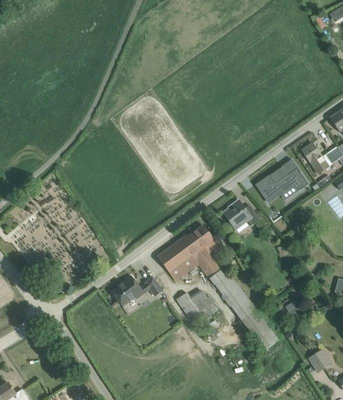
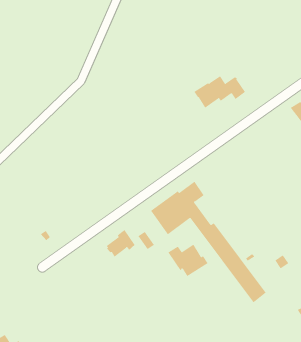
building: [254,166,308,200] -> [193,75,246,108]
building: [222,200,259,228] -> none

